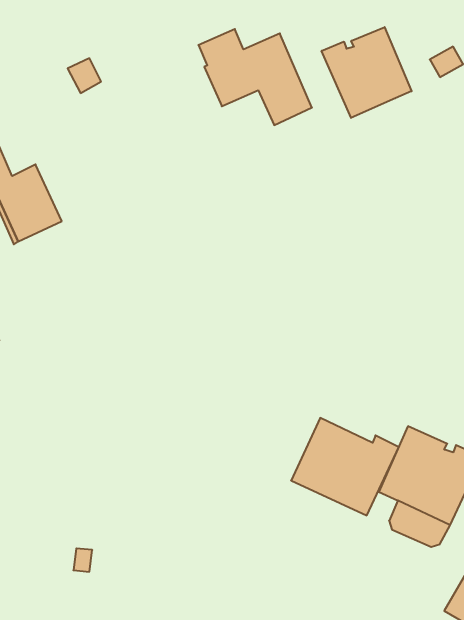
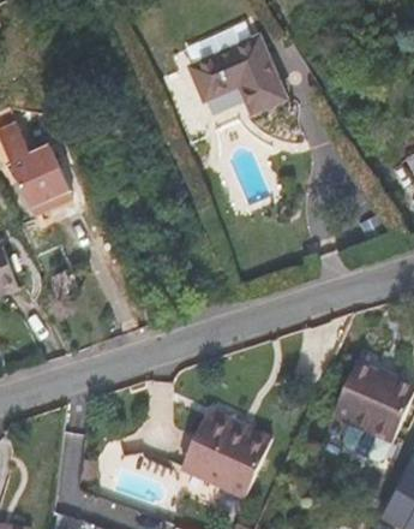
building: [322,27,412,118] -> none
building: [291,418,399,515] -> [181,415,270,495]

